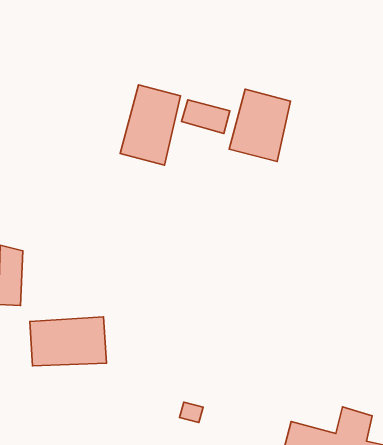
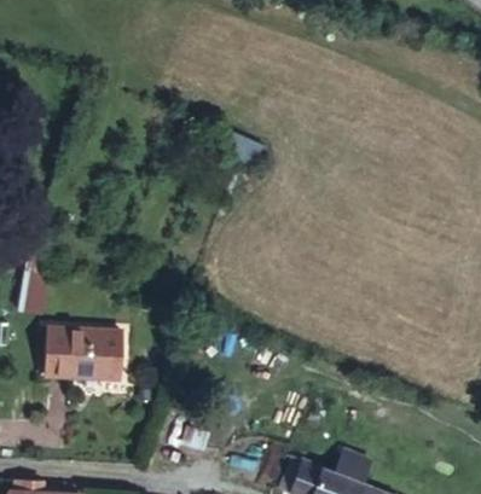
building: [120,85,181,165] -> none
building: [229,89,291,162] -> none

